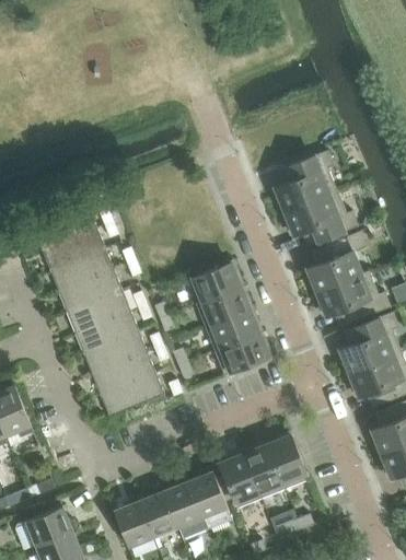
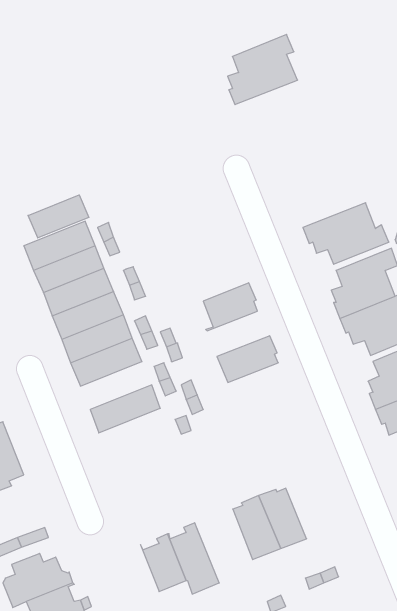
building: [276,150,338,212] -> [228,34,298,105]
building: none -> [28,195,89,238]
building: [197,287,253,327] -> none
building: [84,331,148,374] -> none
building: [216,332,272,374] -> none
building: [101,373,164,416] -> none
building: [267,432,310,489] -> none
building: [188,465,233,528] -> none
building: [114,494,154,547] -> none

